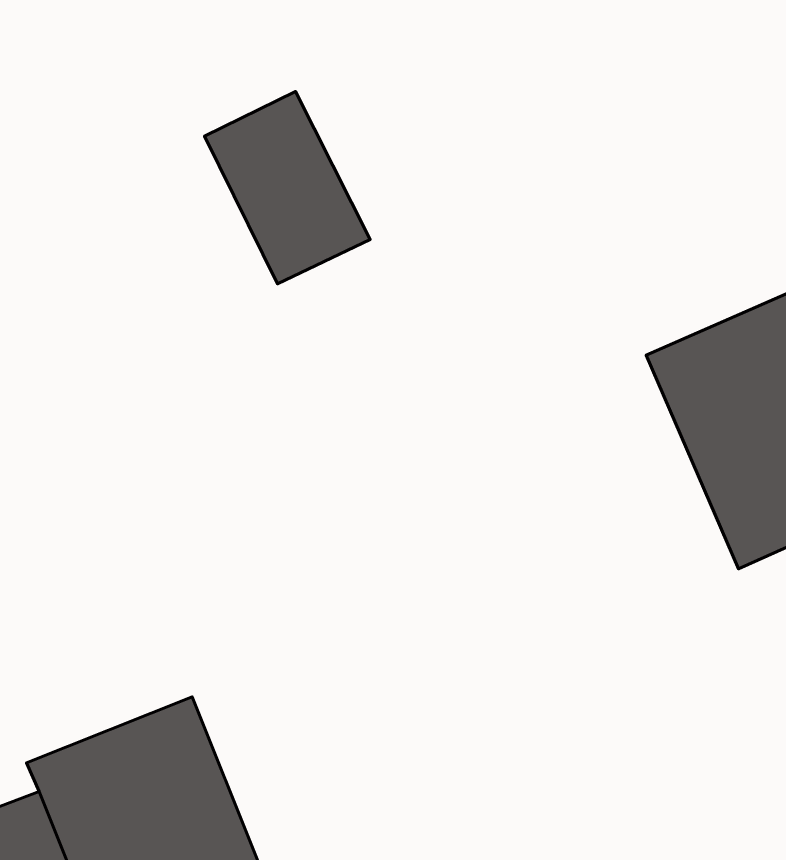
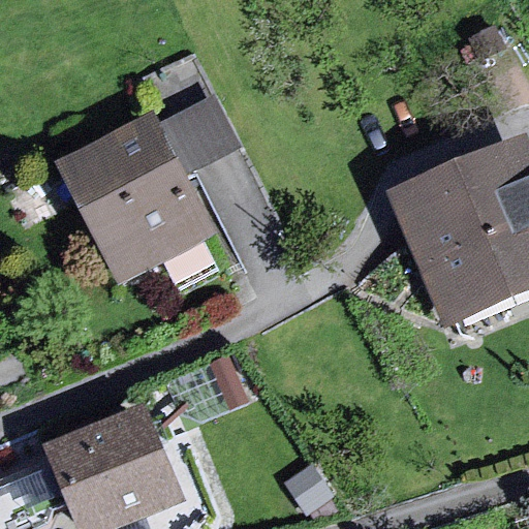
building: none -> [57,119,204,279]

